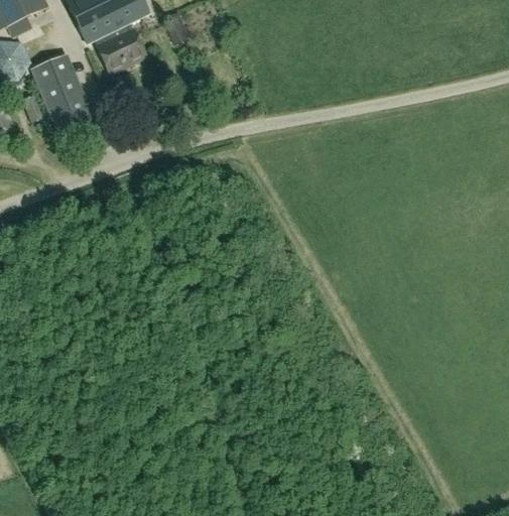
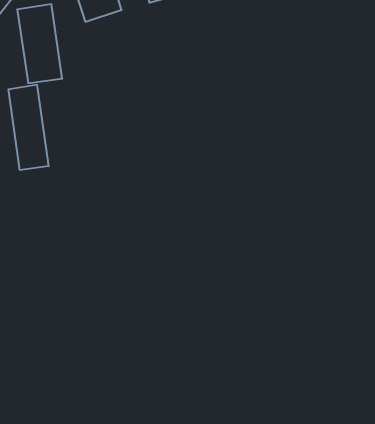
building: none -> [8,85,49,170]

